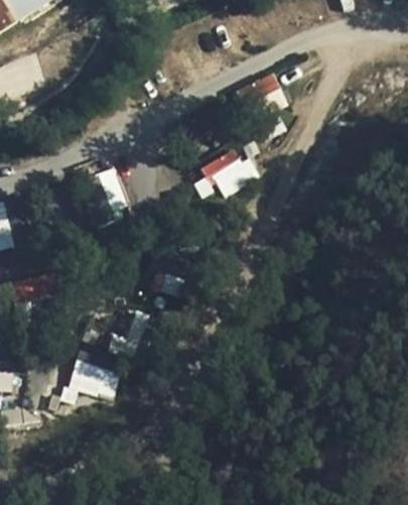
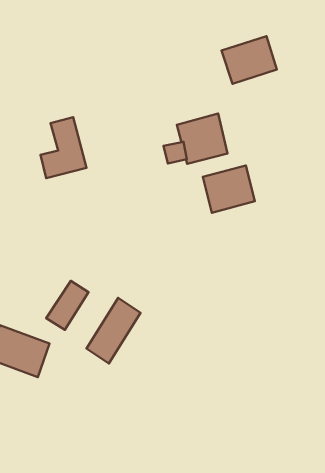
building: none -> [203,165,255,213]
building: none -> [87,298,141,364]

